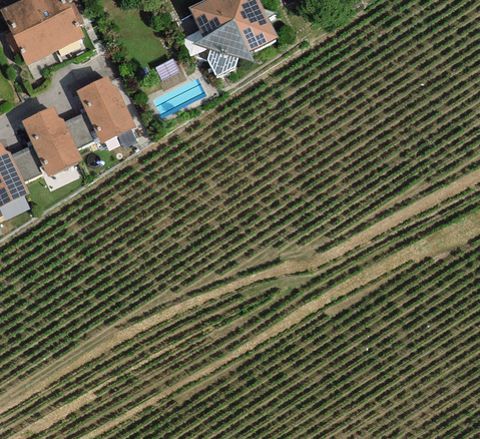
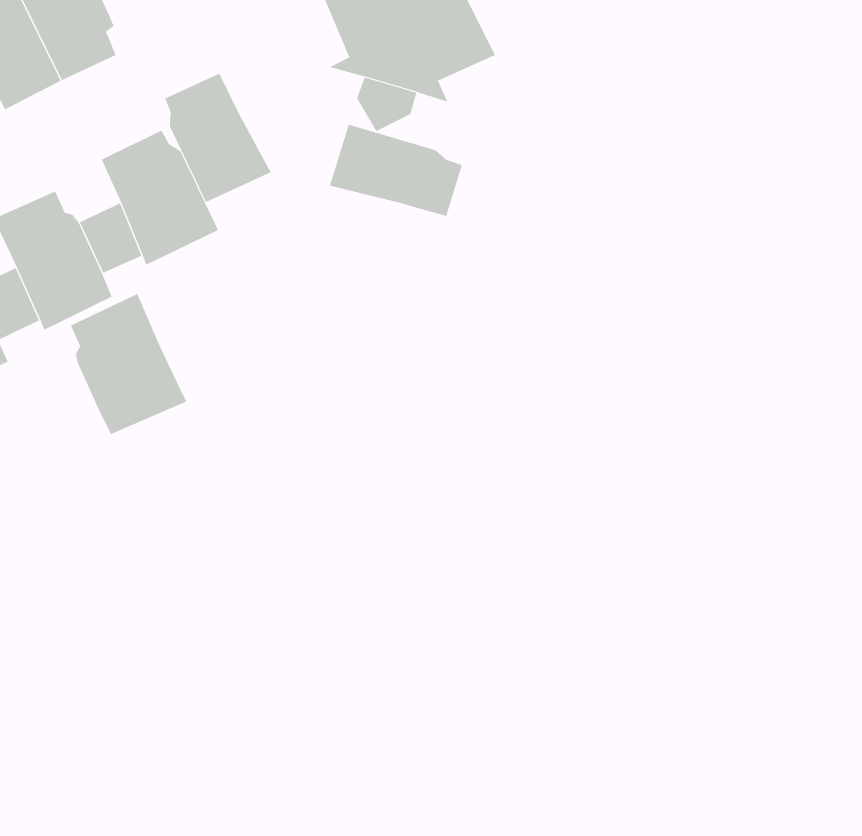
building: none -> [164,73,271,203]
building: none -> [329,124,463,217]
building: none -> [70,293,187,435]

